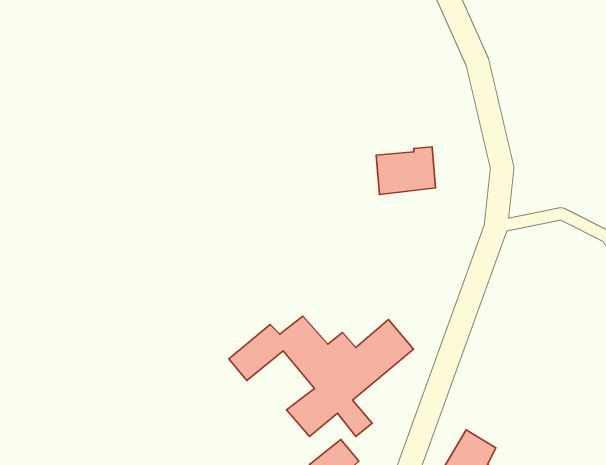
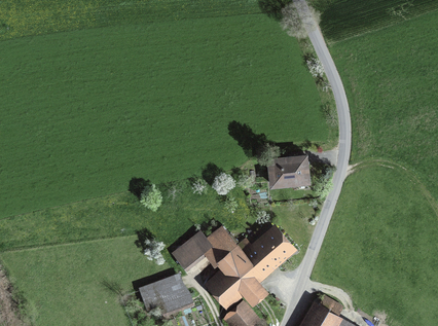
building: [376,147,435,195] -> [269,155,306,185]
building: none -> [141,275,188,313]

